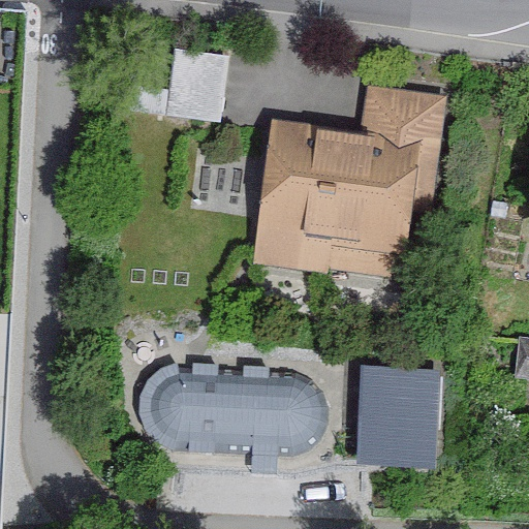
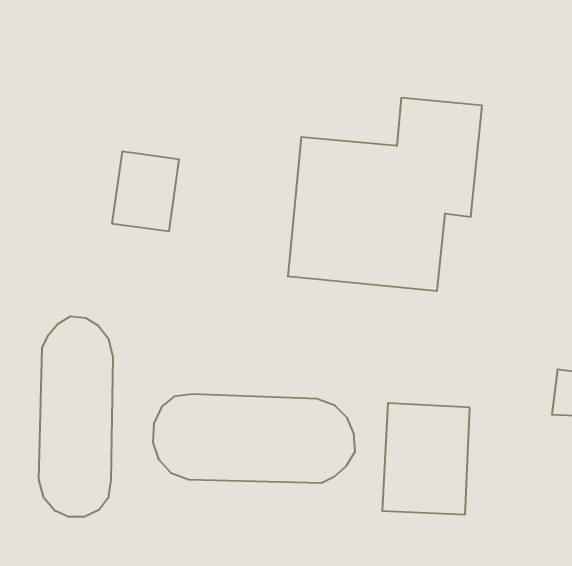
building: [166,53,228,126] -> [112,152,179,231]
building: none -> [39,316,113,517]

